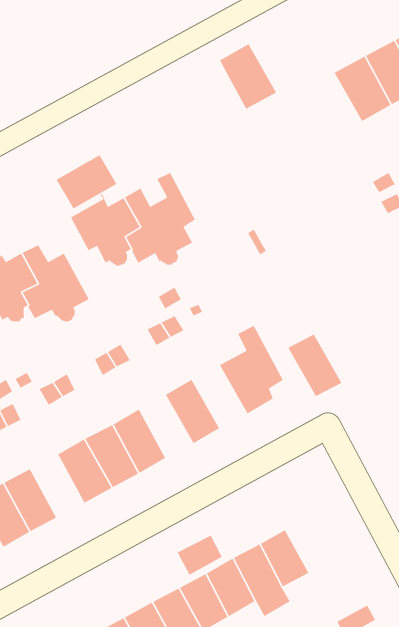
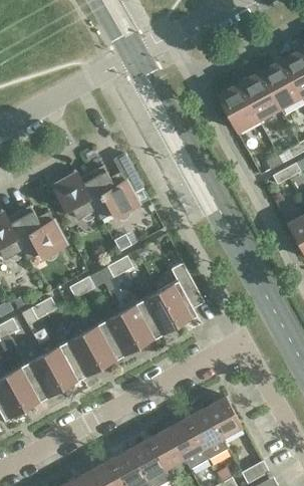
building: [219,43,277,110] -> [218,84,259,132]
building: [56,154,117,210] -> none
building: [287,333,342,397] -> [138,291,178,336]
building: none -> [101,312,139,357]
building: none -> [24,354,62,400]
building: none -> [205,397,242,439]
building: [176,534,223,576] -> none

